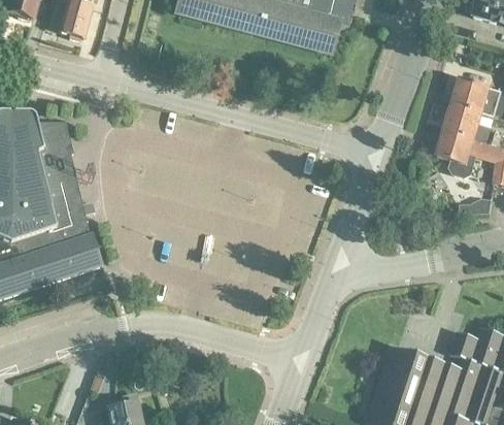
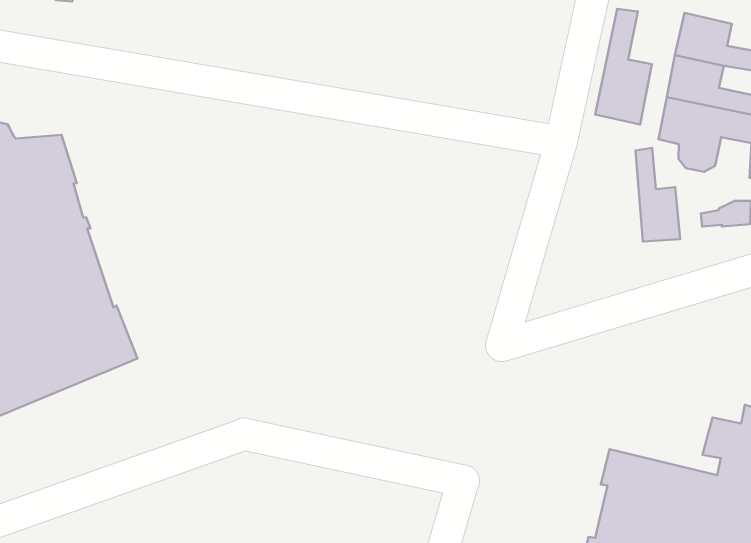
building: none -> [595,9,652,125]
building: none -> [636,148,680,241]

